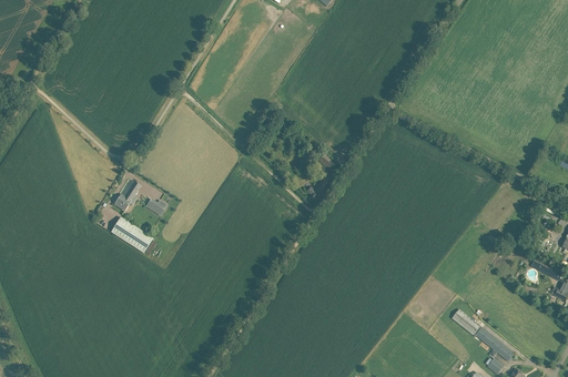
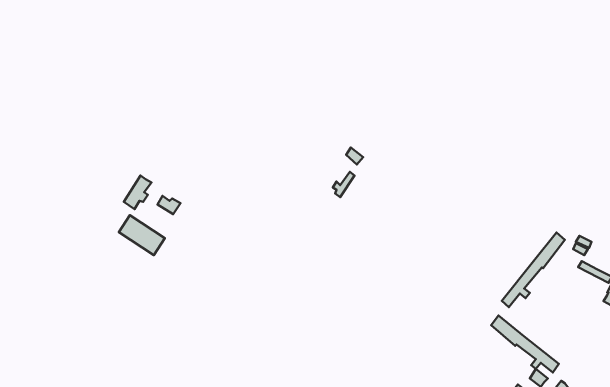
building: none -> [502,232,565,307]

